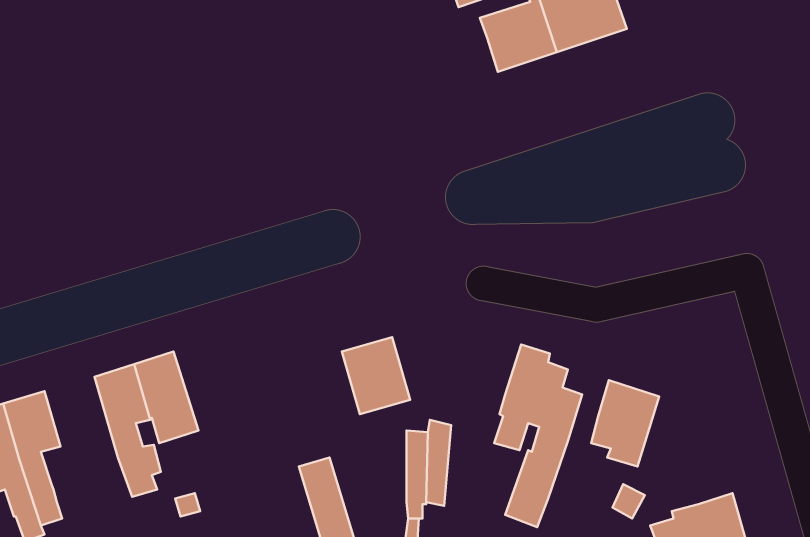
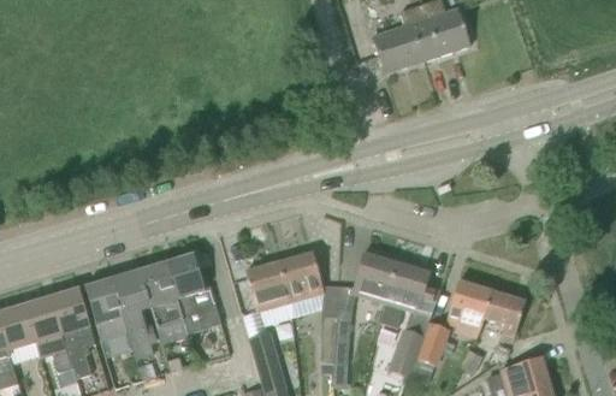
building: none -> [350,250,398,303]
building: none -> [165,253,221,335]
building: none -> [244,261,291,325]
building: none -> [84,278,128,341]
building: none -> [482,291,525,342]
building: none -> [416,321,449,366]

